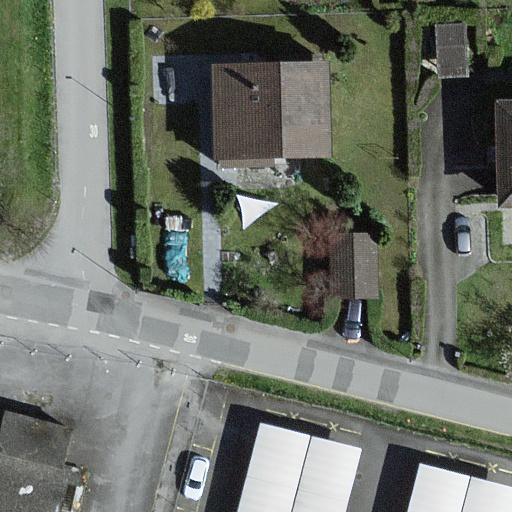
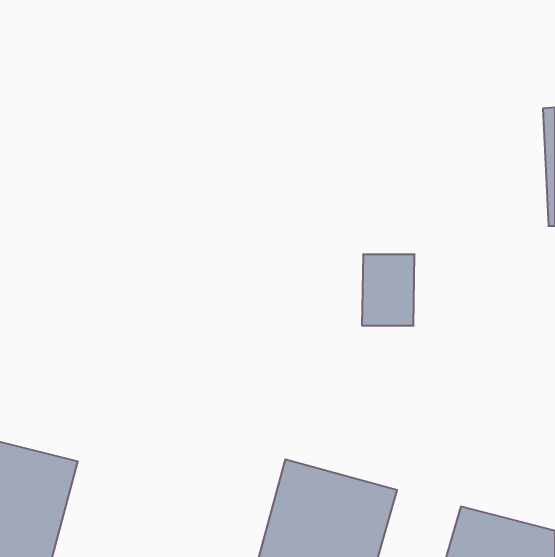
building: [212,61,334,159] -> none

